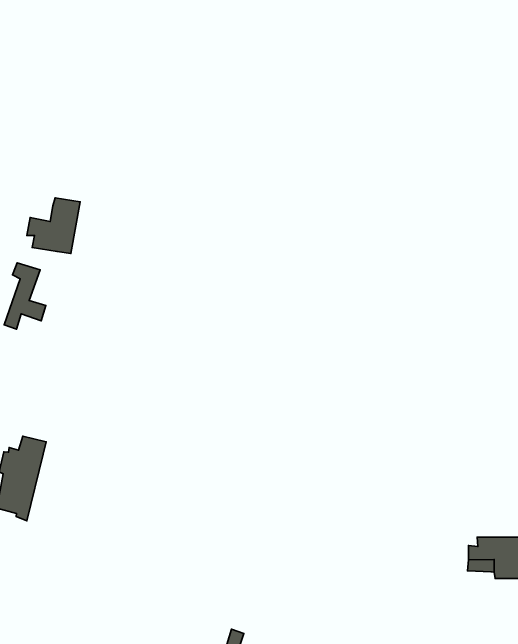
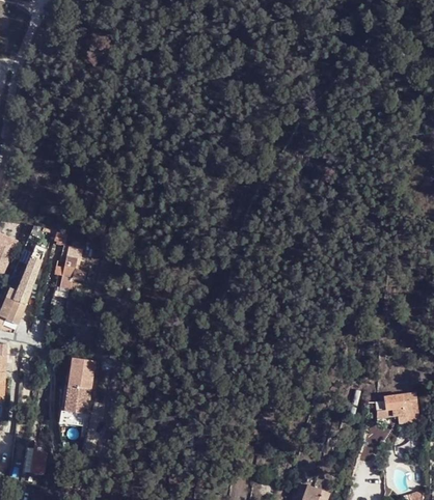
building: [27,198,80,254] -> none

